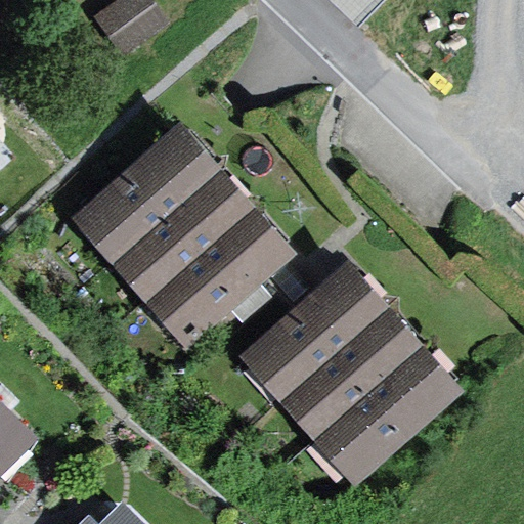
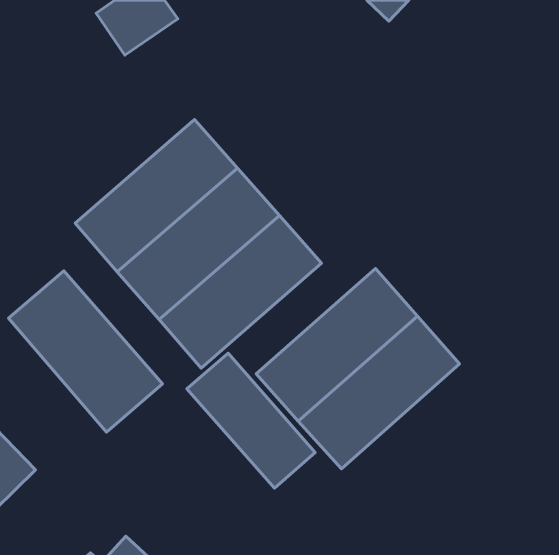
building: none -> [8,271,162,432]
building: none -> [187,353,315,488]
building: [316,346,465,487] -> none

